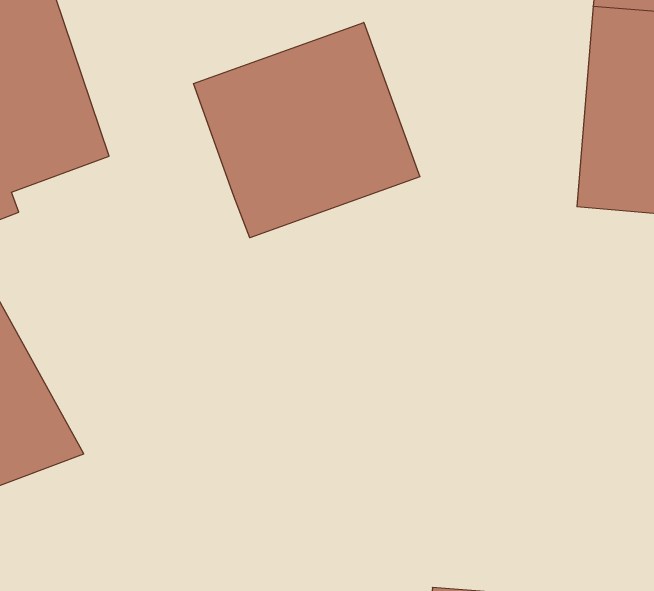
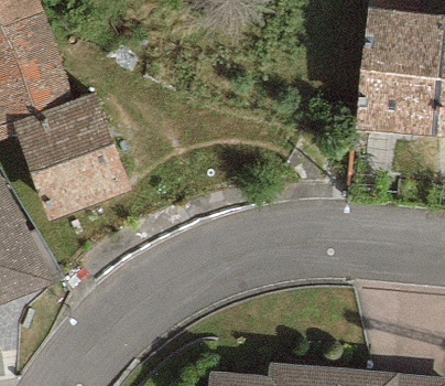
building: [194,22,420,238] -> none
building: none -> [13,93,130,222]

